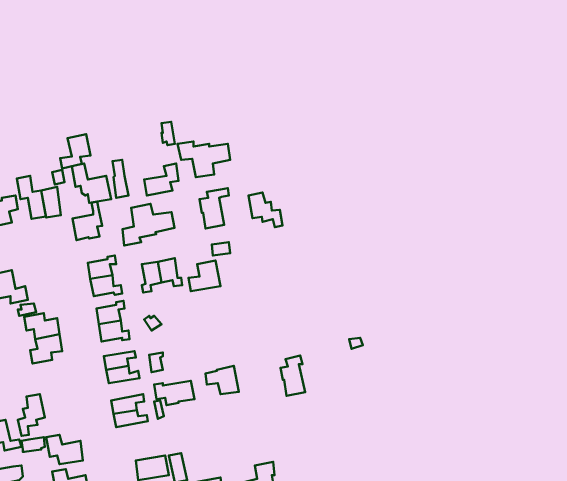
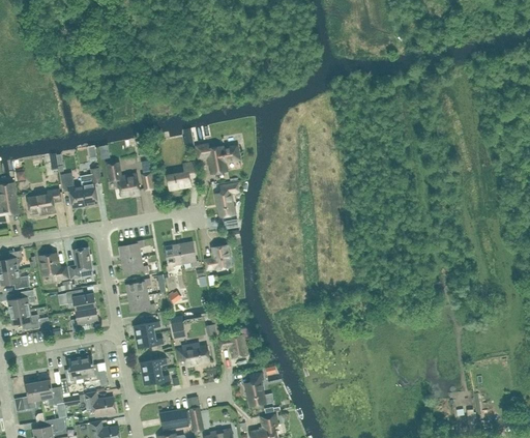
building: [60,134,90,168] -> none
building: [248,192,282,227] -> none
building: [72,202,102,240] -> none
building: [123,204,175,245] -> none
building: none -> [69,247,93,279]
building: [281,355,305,396] -> [245,373,266,407]
building: none -> [80,355,109,385]

